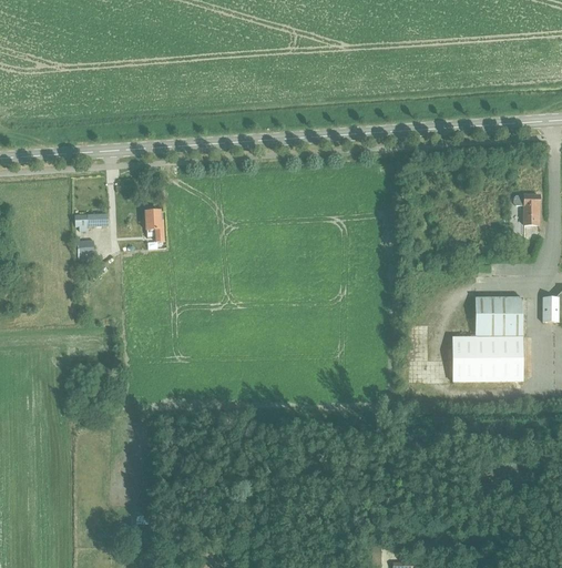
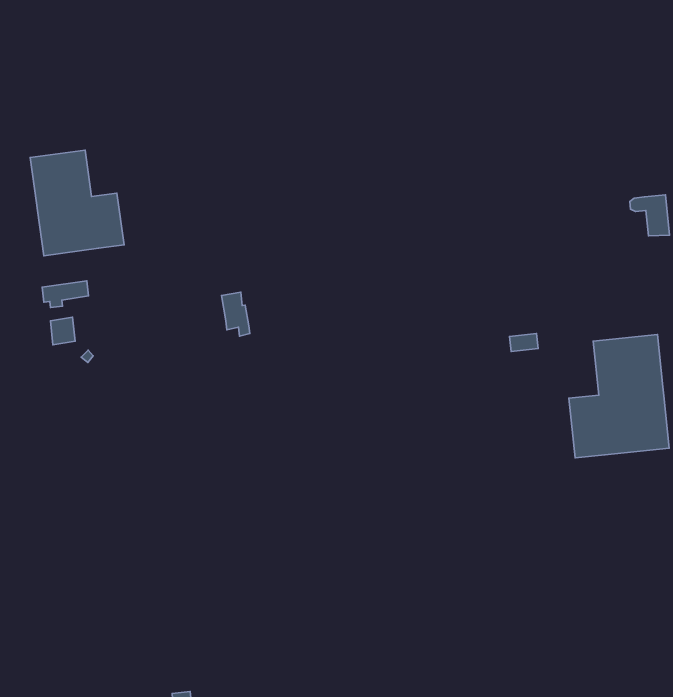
building: none -> [30,150,124,256]
building: [145,209,163,241] -> [222,292,250,336]

